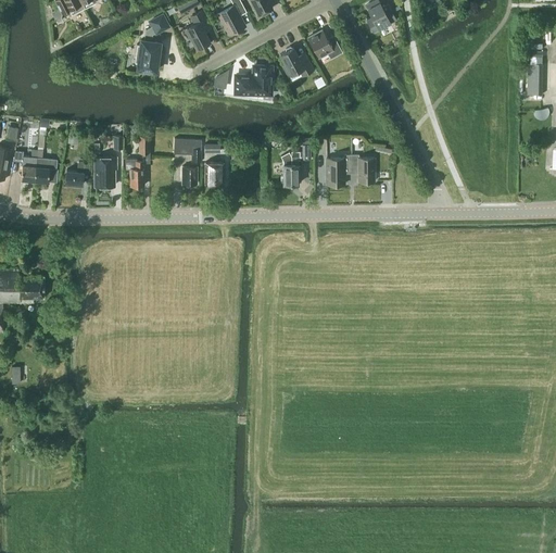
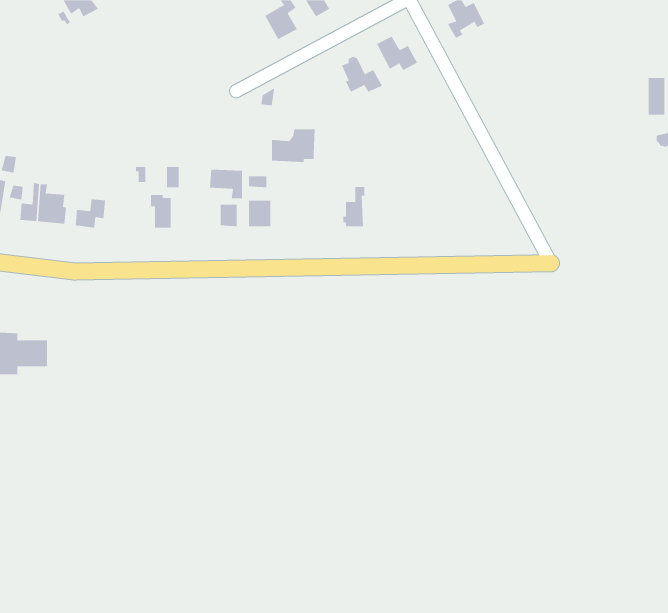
building: [184,12,211,50] -> none
building: [137,16,168,73] -> none
building: [236,67,271,95] -> [271,129,315,162]
building: [326,155,375,186] -> none
building: [96,159,116,188] -> none

